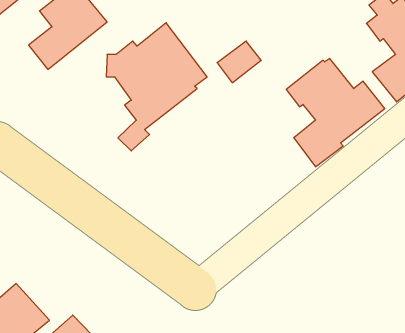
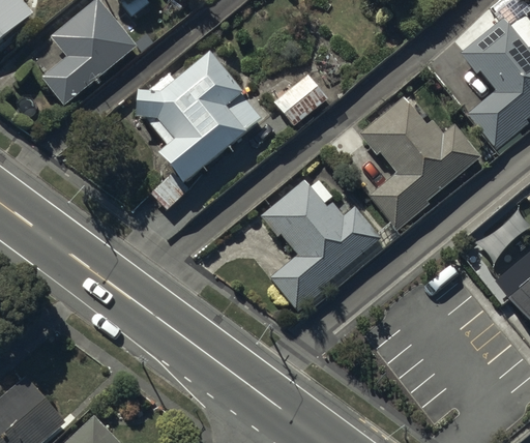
building: none -> [260,177,381,312]

